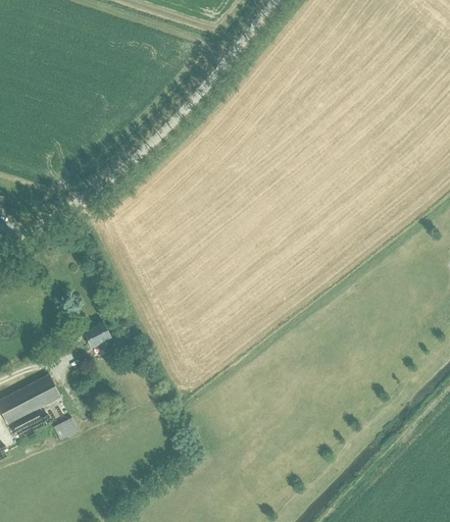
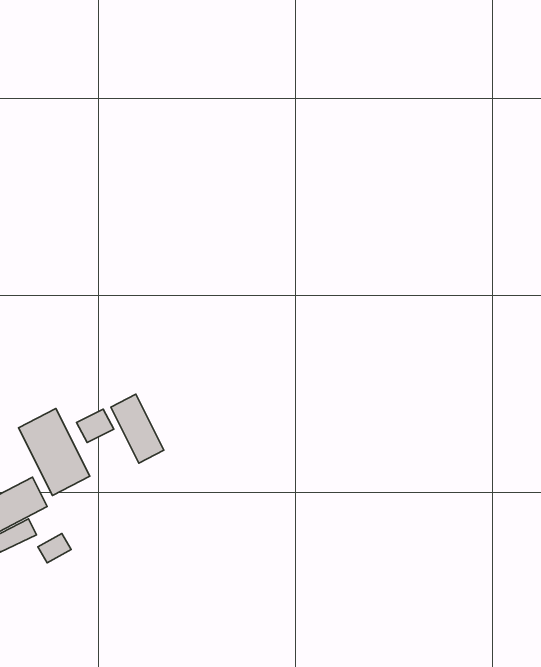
building: none -> [111,394,164,463]
building: none -> [19,409,90,495]

